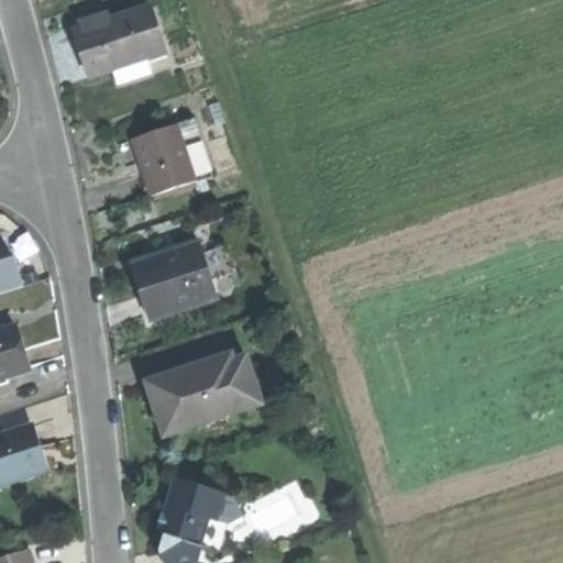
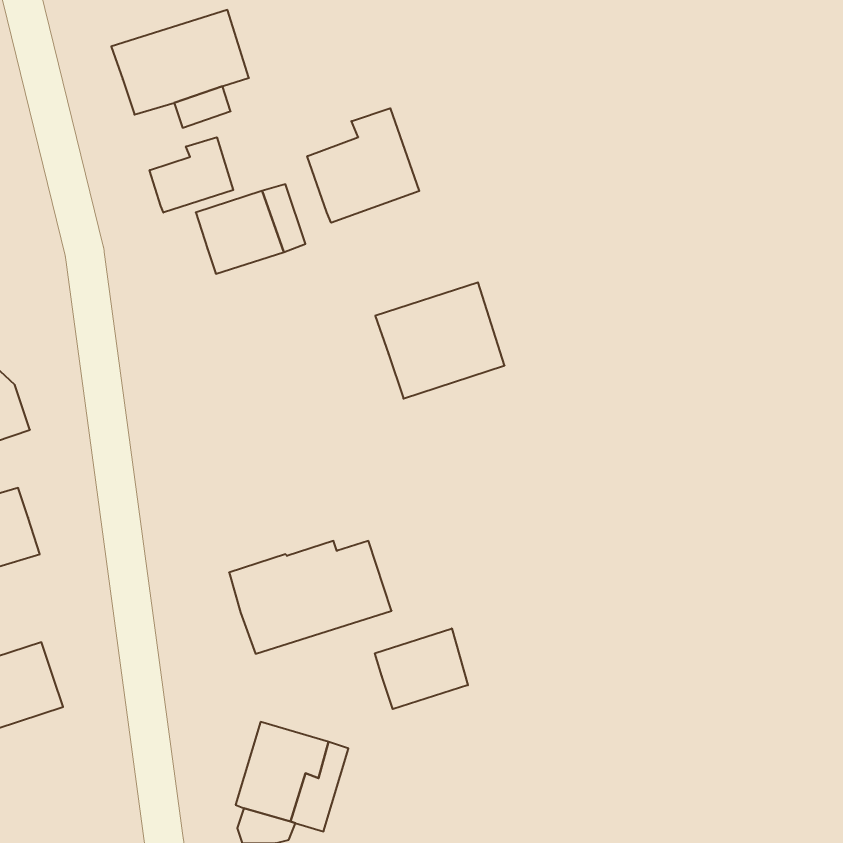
building: none -> [307,108,419,223]
building: none -> [150,137,233,213]
building: [129,242,214,319] -> [375,282,505,399]
building: none -> [375,628,468,709]

